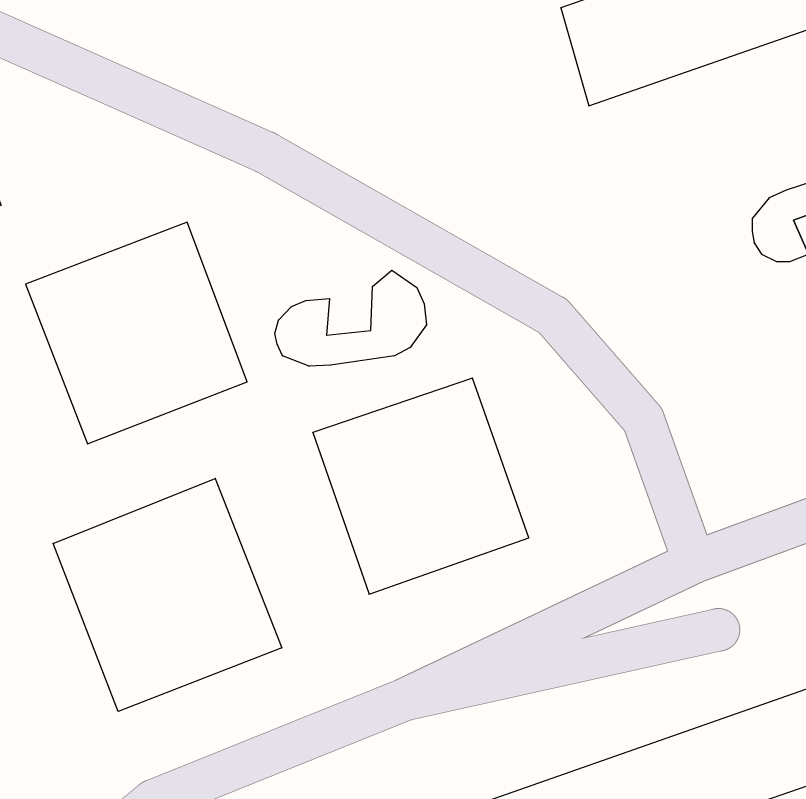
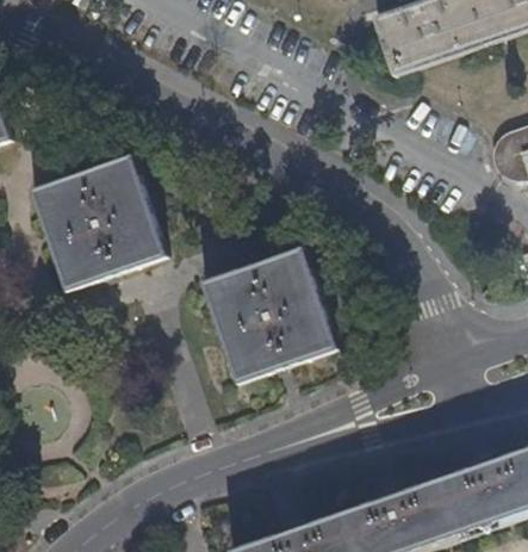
building: [275,270,426,366] -> none
building: [53,478,282,711] -> none

